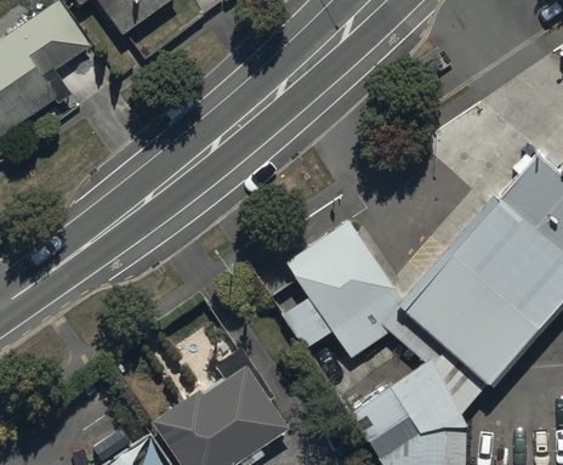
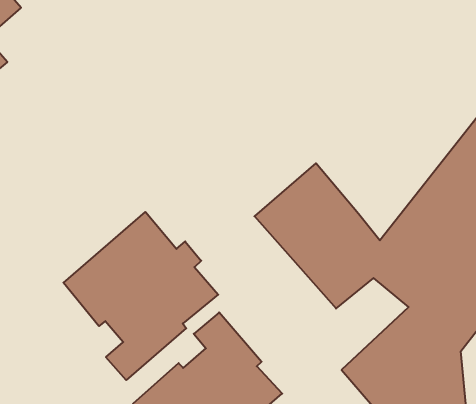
building: none -> [63,212,218,380]

